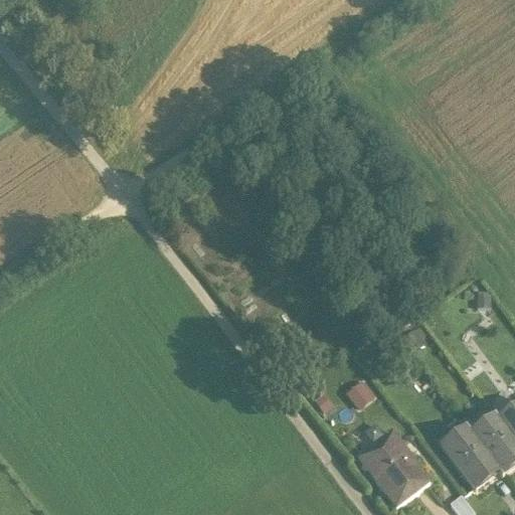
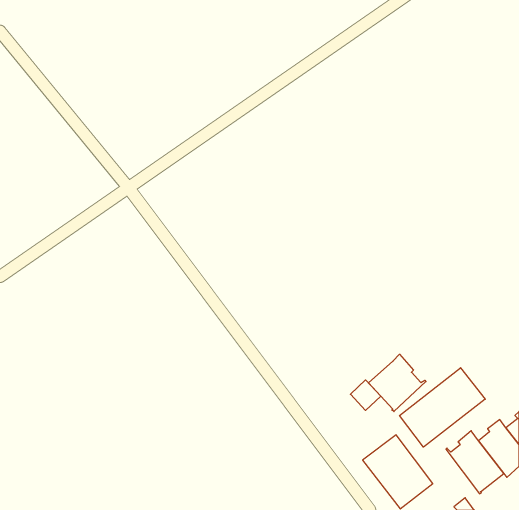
building: none -> [369,354,426,412]
building: none -> [400,368,485,447]

